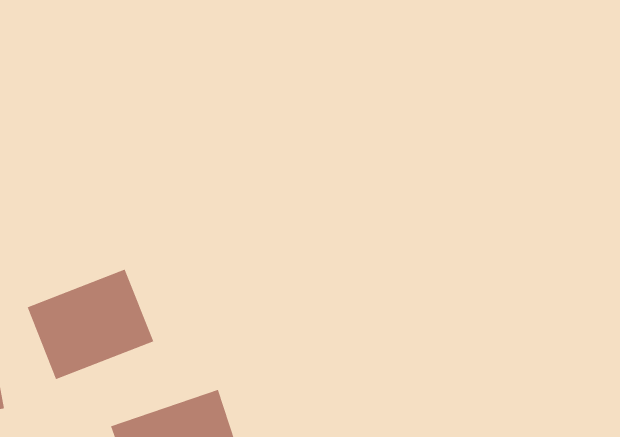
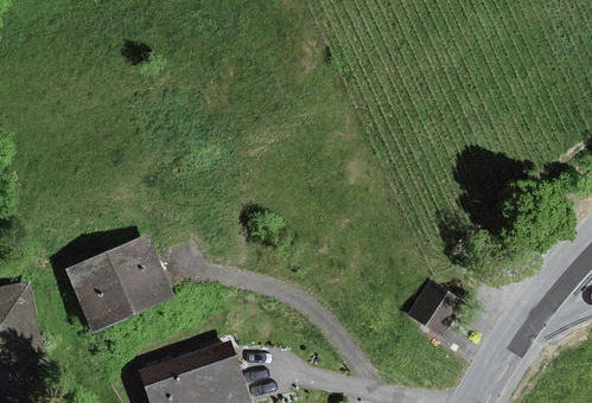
building: none -> [407,281,464,339]

